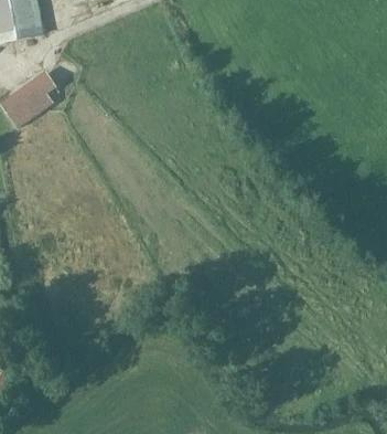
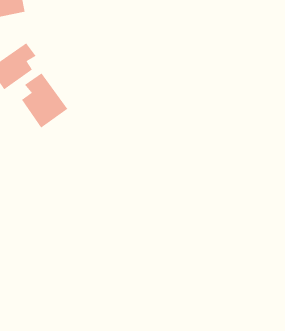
building: none -> [21,73,68,128]

